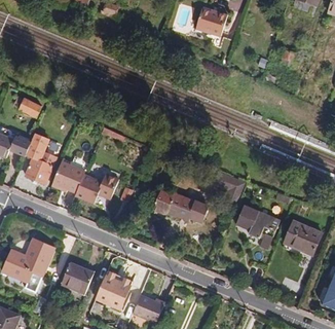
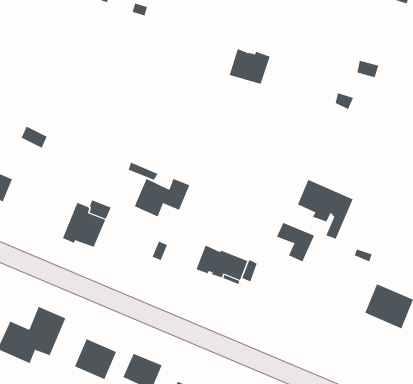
building: [195,8,227,36] -> [229,49,270,85]
building: [25,134,55,183] -> none
building: [75,174,118,204] -> [134,178,190,217]
building: [236,205,280,251] -> [297,179,353,239]

